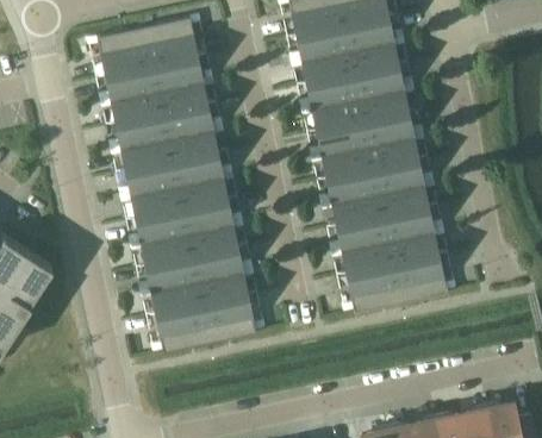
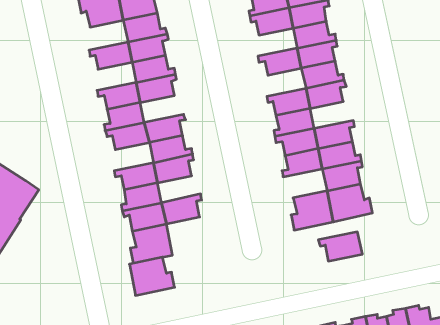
building: [110,65,157,101] -> none
building: [310,75,357,108] -> none
building: [119,115,167,149] -> none
building: [319,123,368,156] -> none
building: [172,155,223,187] -> none
building: [373,162,424,194] -> none
building: [139,211,187,244] -> none
building: [341,242,393,276] -> [318,232,362,261]
building: [192,250,243,282] -> none
building: [203,299,256,344] -> [129,257,175,295]

